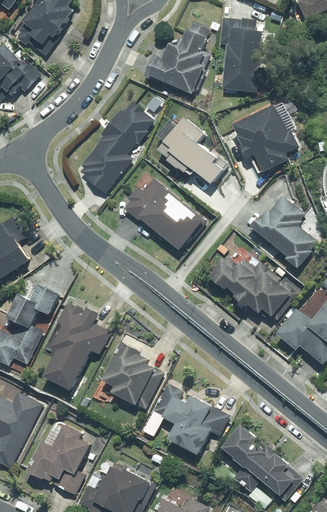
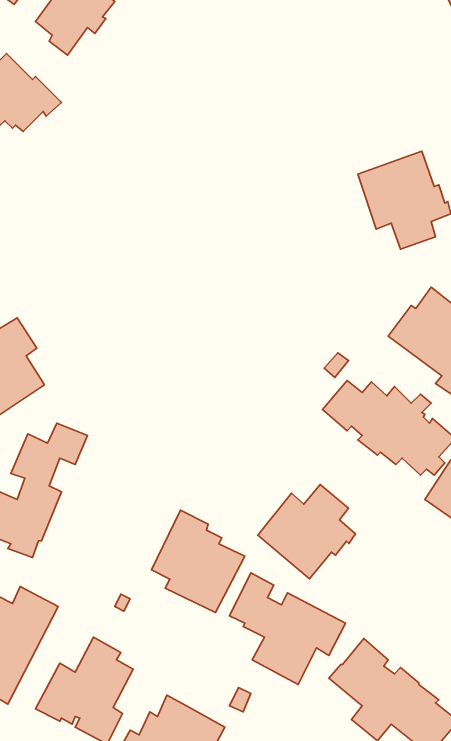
building: [216,18,268,92] -> none
building: [151,19,211,92] -> none
building: [77,103,153,193] -> none
building: [157,116,228,182] -> none
building: [123,178,206,251] -> none
building: [45,302,109,387] -> none
building: none -> [258,485,356,579]

